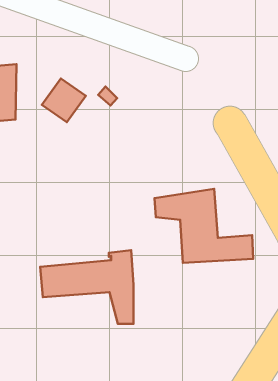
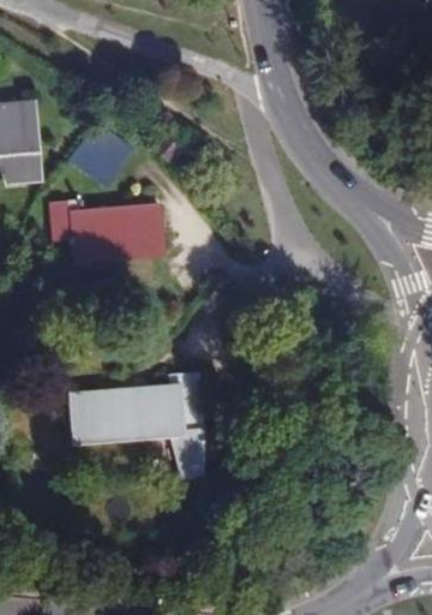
building: none -> [48,198,166,258]
building: [155,189,253,263] -> none

